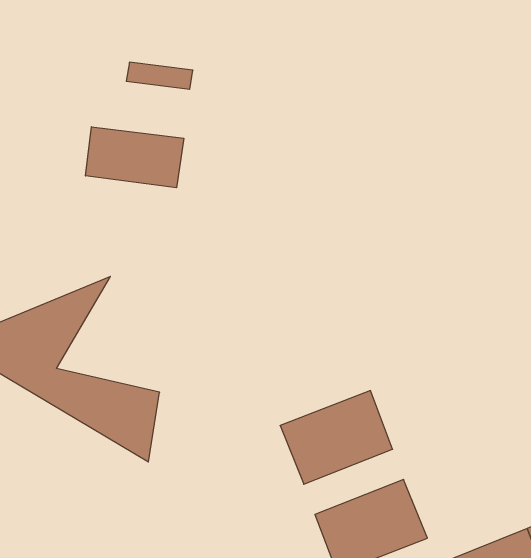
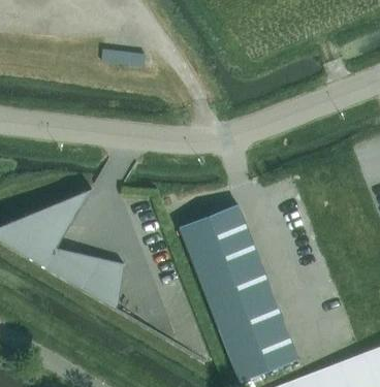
building: [86,127,184,188] -> none
building: none -> [179,205,260,286]
building: none -> [217,301,282,344]

